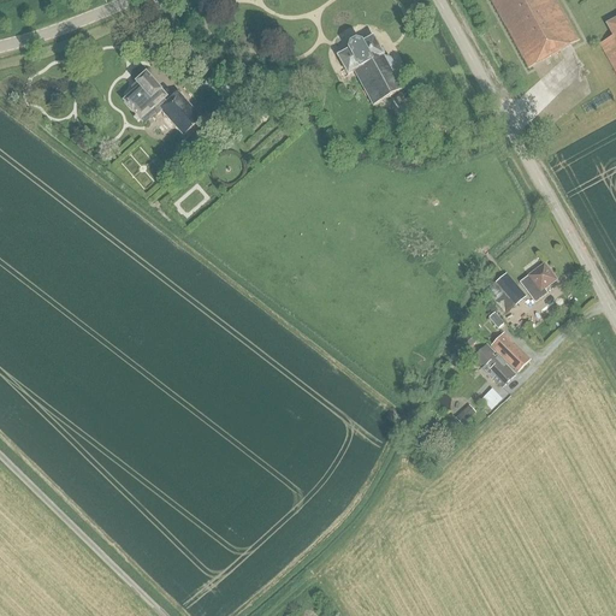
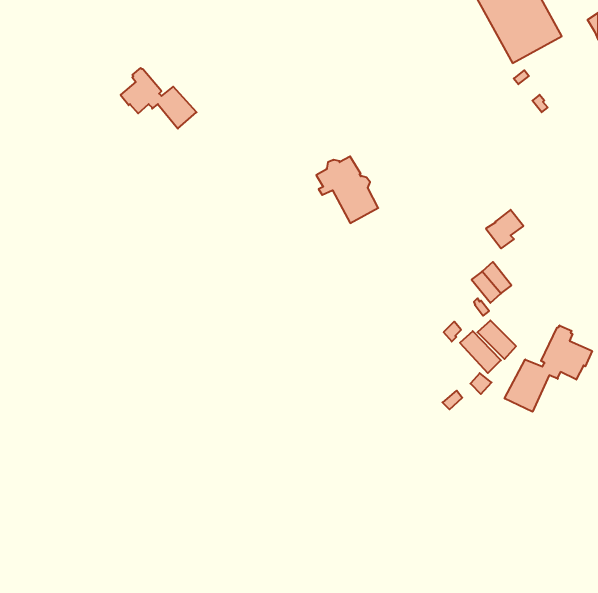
building: [338,34,402,102] -> [316,156,378,223]
building: [519,260,557,300] -> [486,210,523,248]
building: none -> [505,325,592,412]

